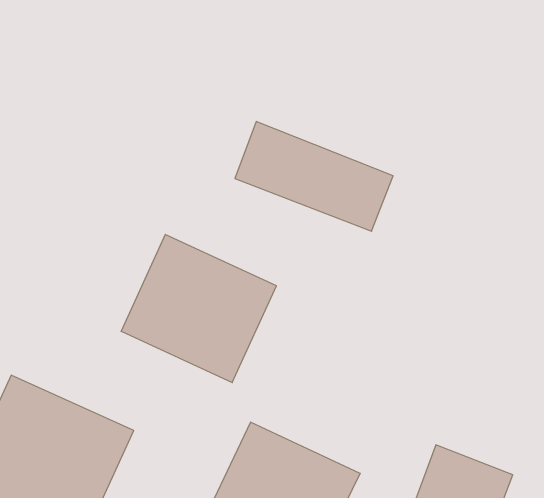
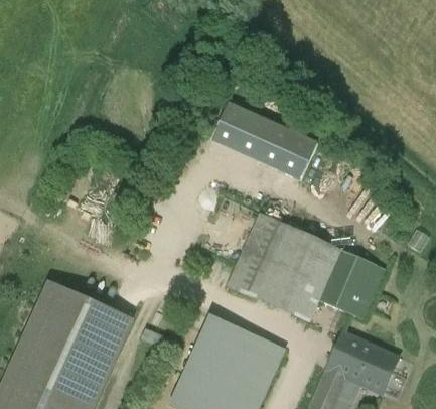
building: [121,234,276,383] -> [230,212,339,316]
building: none -> [327,255,384,319]

